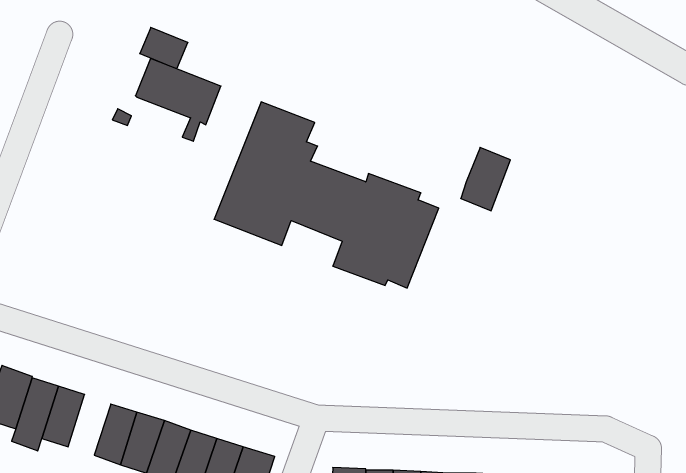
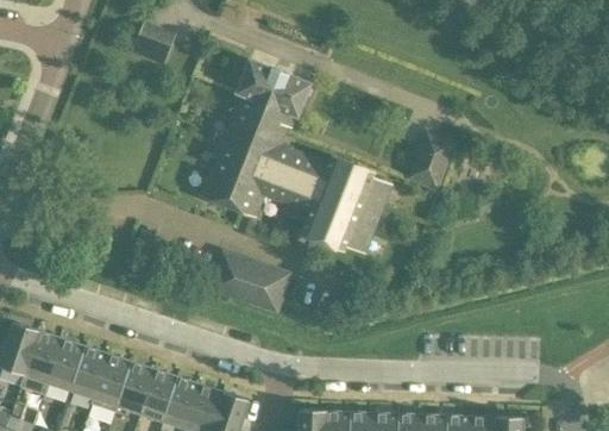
building: [135,58,221,141] -> [237,60,310,131]
building: none -> [209,250,290,312]
building: none -> [71,345,108,398]

